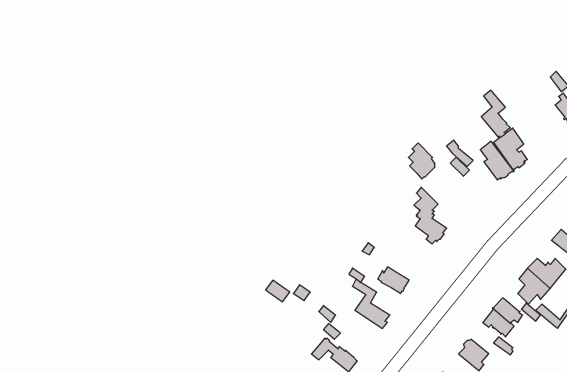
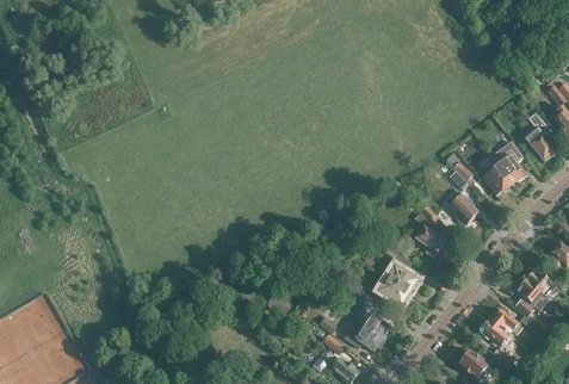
building: [481,90,510,137] -> [526,112,555,159]
building: [408,143,435,179] -> [450,190,476,225]
building: none -> [383,249,418,291]
building: none -> [345,321,383,349]

